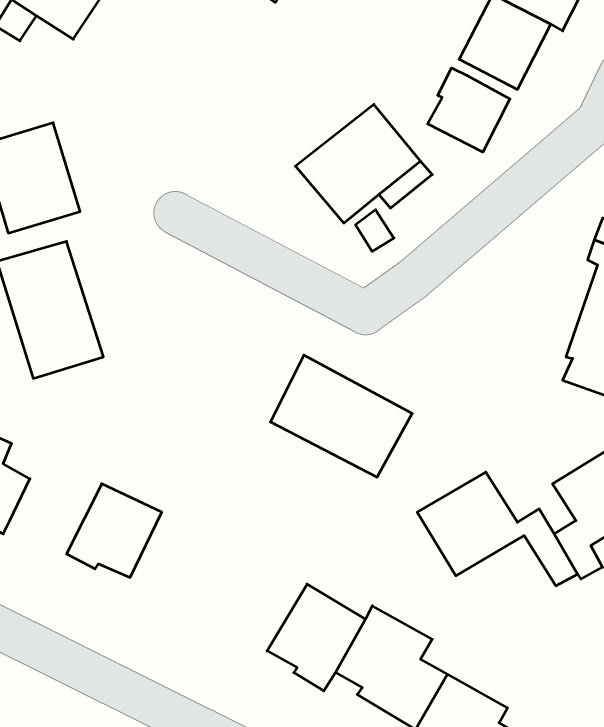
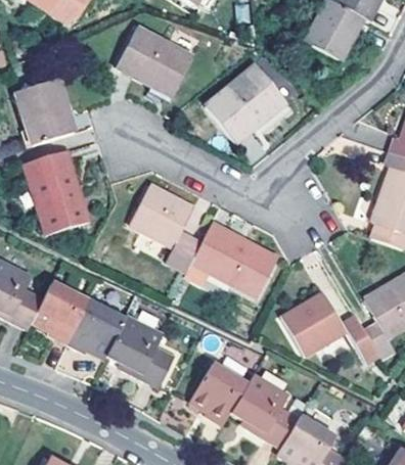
building: none -> [117,28,191,95]
building: [428,68,510,152] -> none
building: none -> [129,183,200,271]
building: none -> [31,280,87,341]
building: none -> [104,314,175,386]

